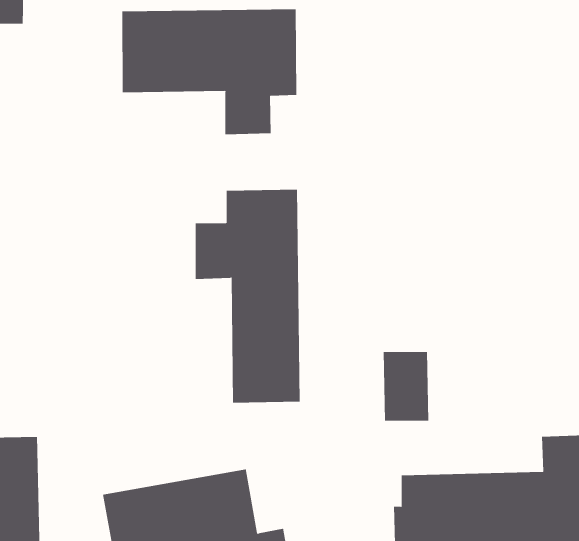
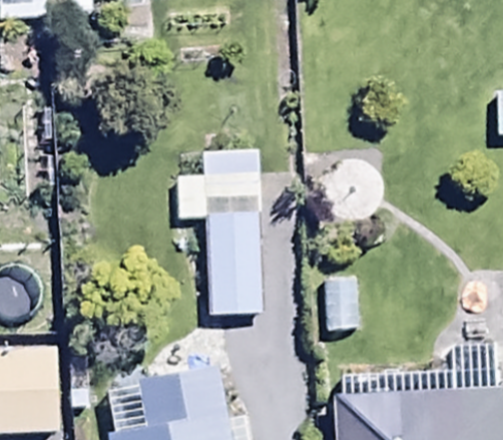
building: [122,9,297,135] -> none

